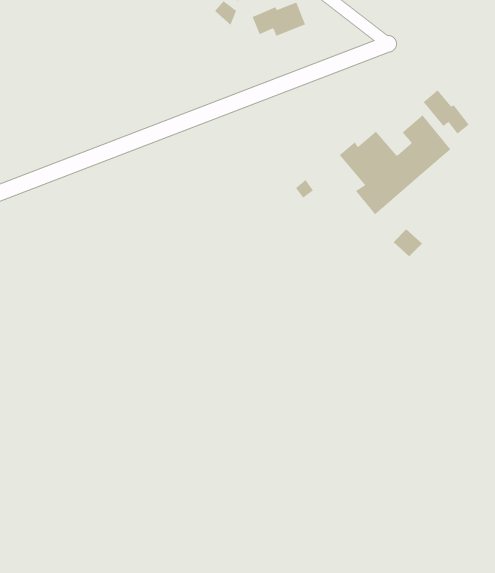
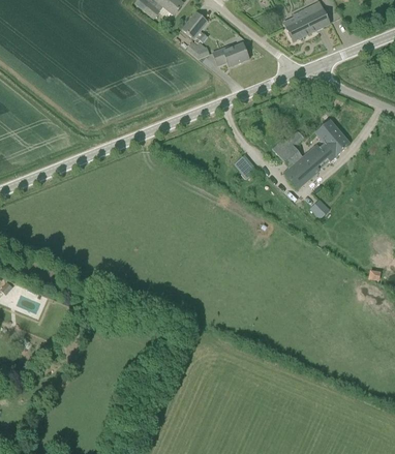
building: [423,90,470,135] -> none

